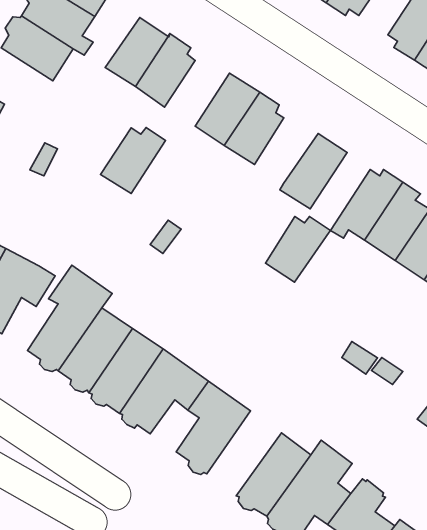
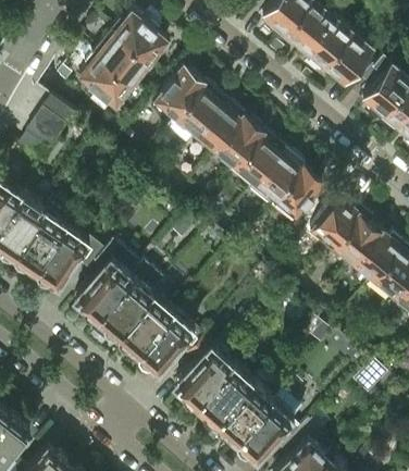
building: [101,128,166,193] -> [194,102,244,150]
building: [266,216,331,282] -> [255,151,305,199]
building: none -> [195,362,252,423]

